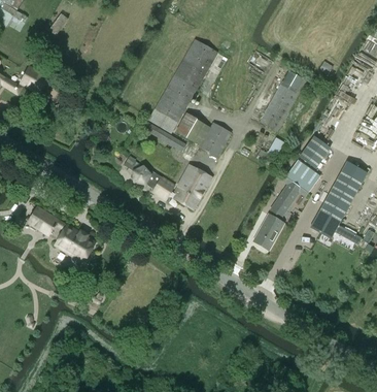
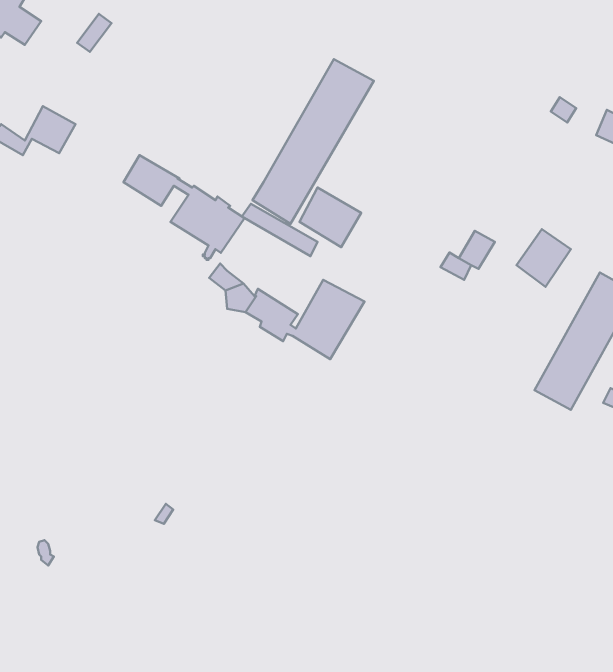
building: [260,70,303,129] -> none
building: [199,123,231,157] -> none
building: [252,160,319,251] -> none
building: [27,206,96,266] -> [123,155,244,260]

